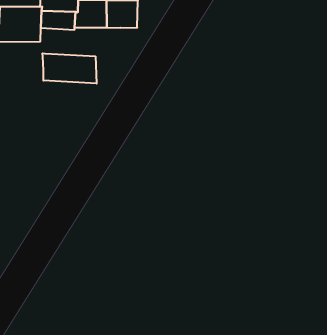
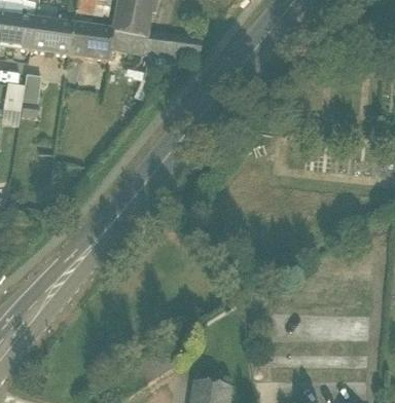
building: [42,53,97,84] -> none

